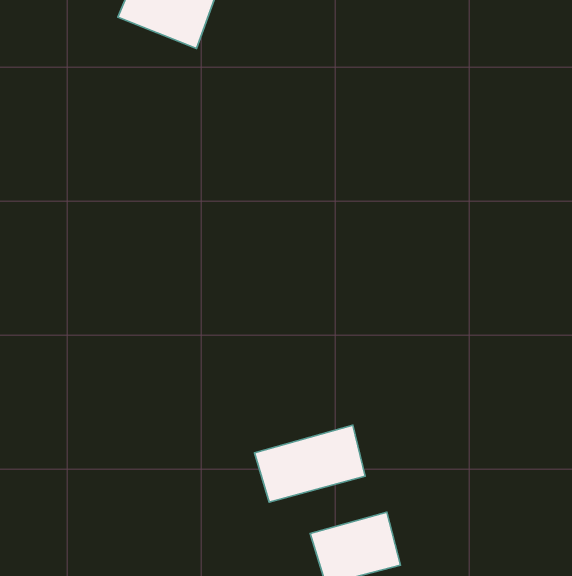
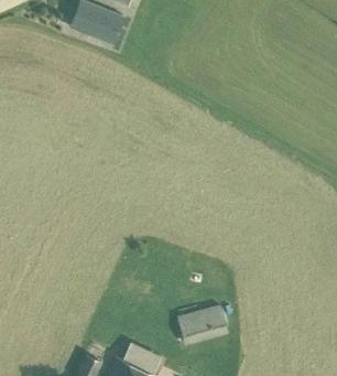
building: [254,425,365,502] -> none

